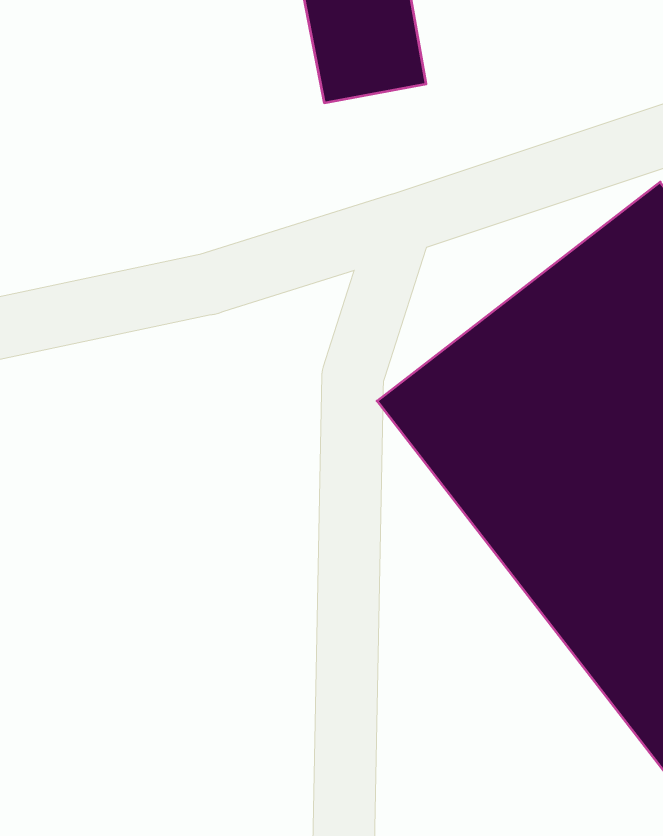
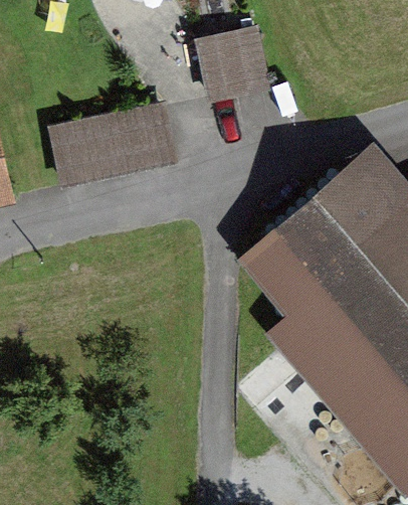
building: none -> [49,107,171,183]

